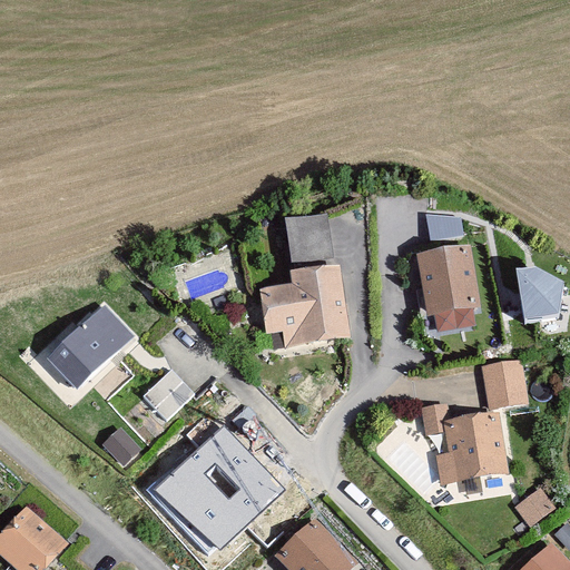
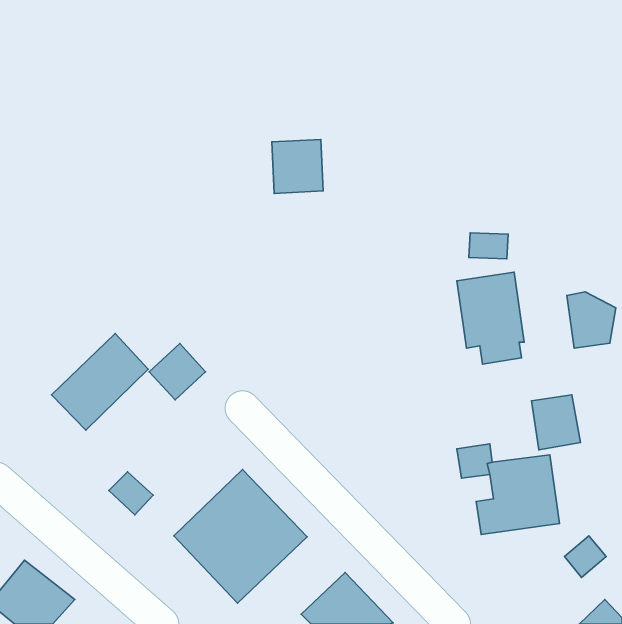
building: [285,212,332,261] -> [272,139,323,193]
building: [261,267,350,351] -> none
building: [141,368,193,420] -> [149,344,206,400]

